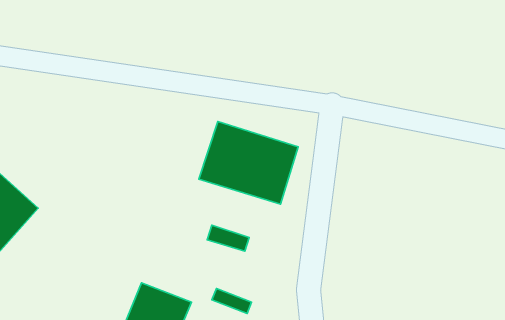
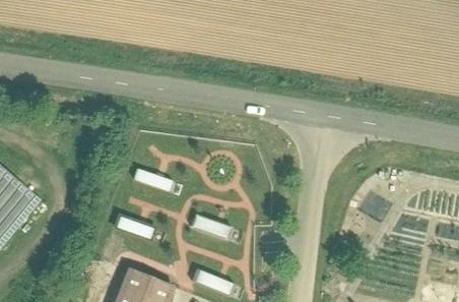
building: [199,121,298,204] -> none

